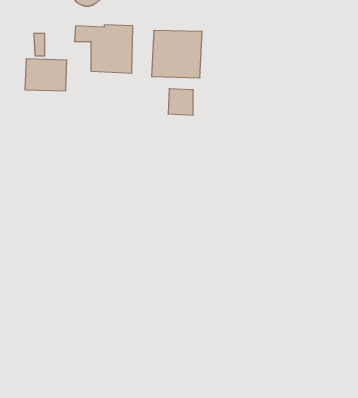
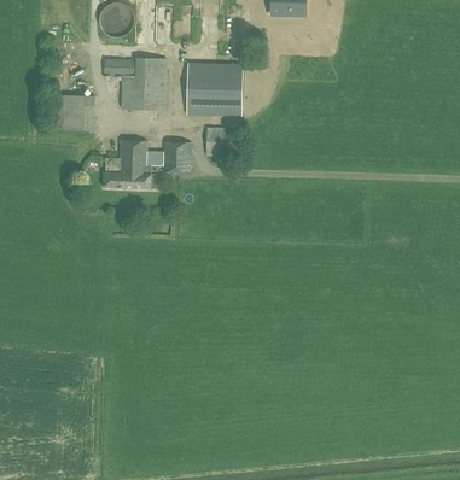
building: none -> [103,139,151,186]
building: none -> [163,140,191,170]

